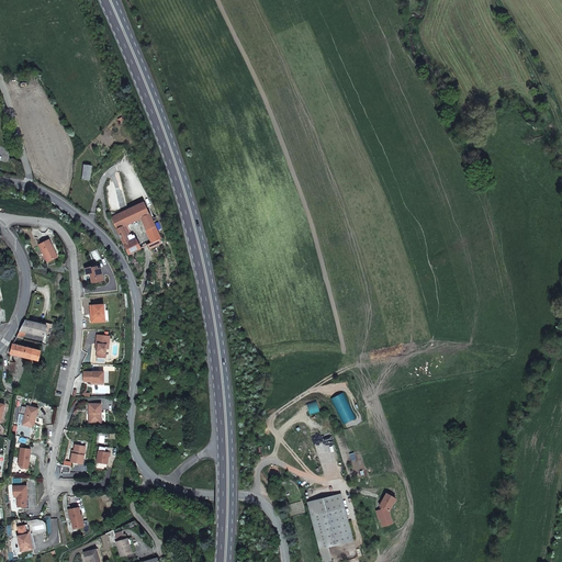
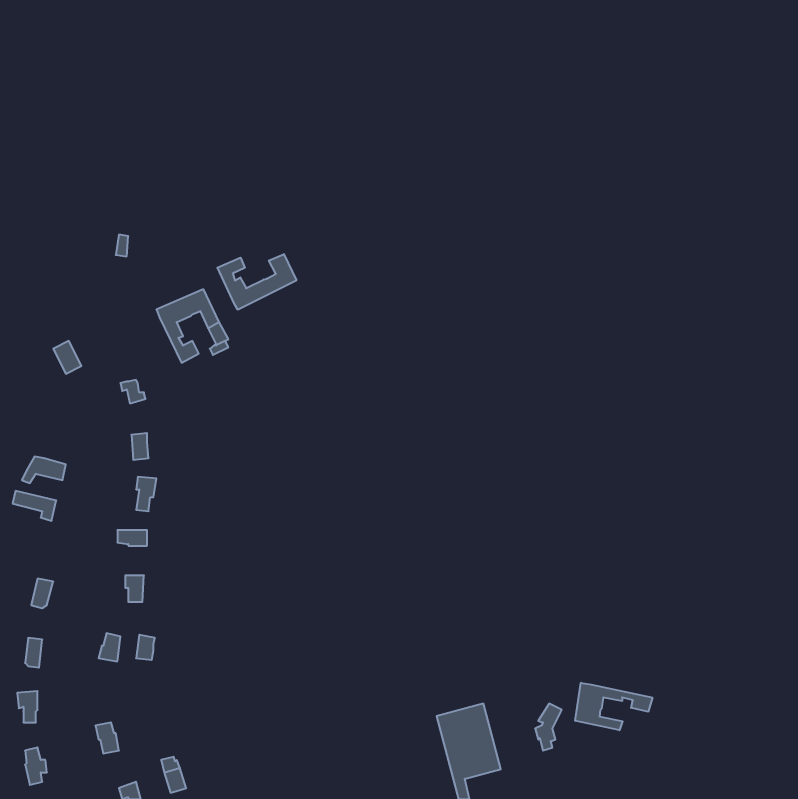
building: none -> [217,254,296,310]
building: none -> [575,683,652,730]

